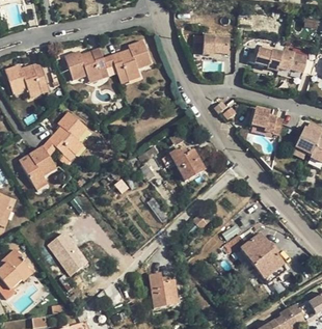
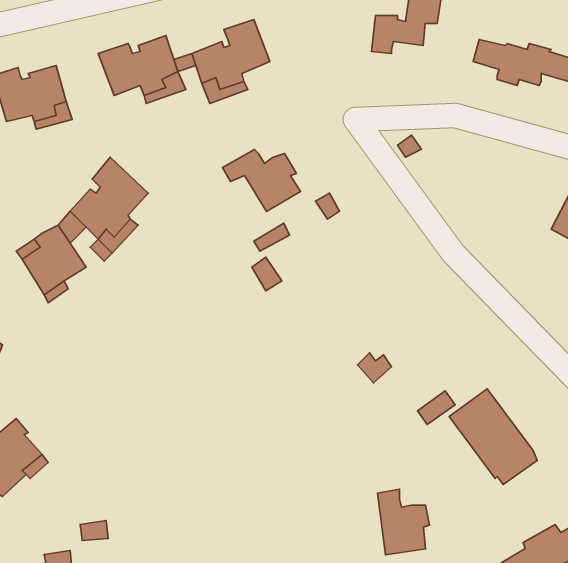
building: [251,110,285,139] -> none
building: [163,148,204,181] -> [223,150,300,211]
building: [47,228,90,275] -> none
building: [151,273,178,307] -> [377,489,429,555]

